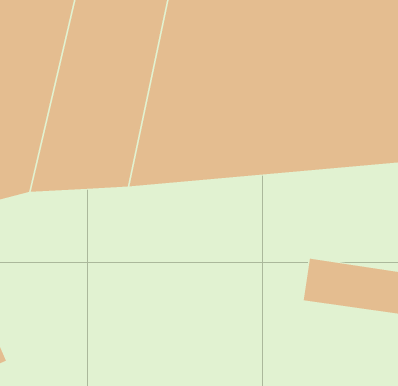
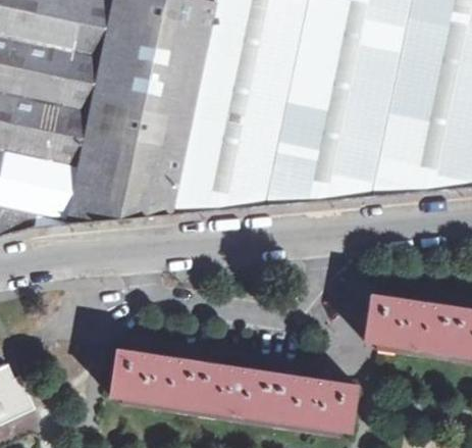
building: none -> [110,348,357,430]

